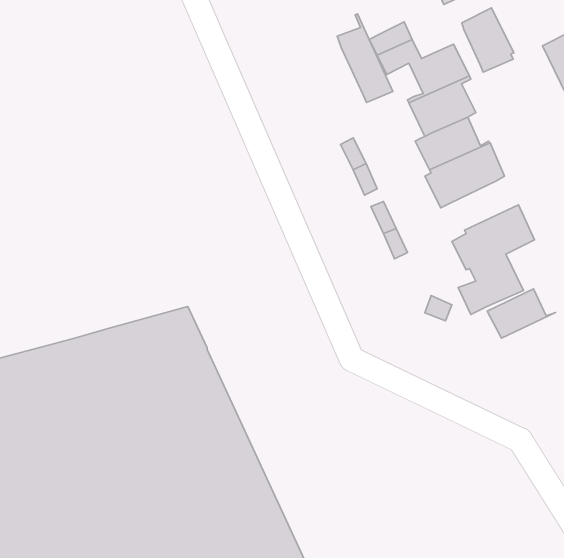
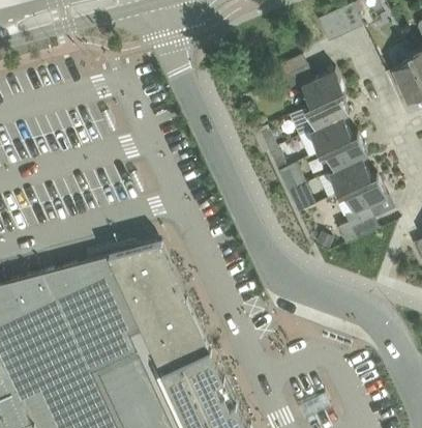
building: [462,8,514,72] -> none
building: [337,14,393,102] -> none
building: [487,289,556,338] -> [332,160,376,192]

